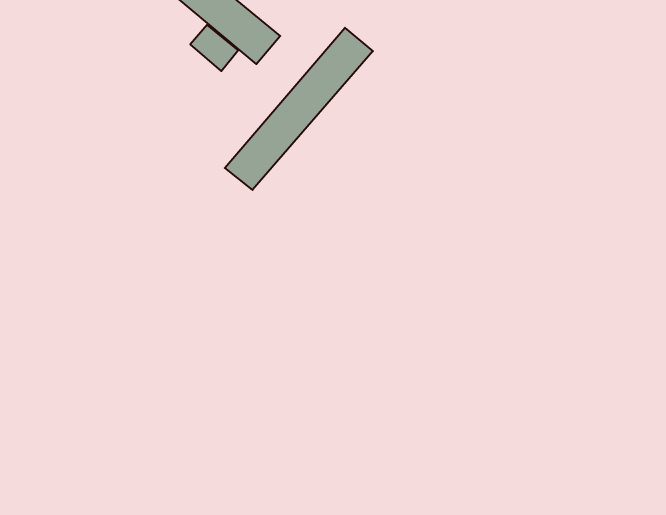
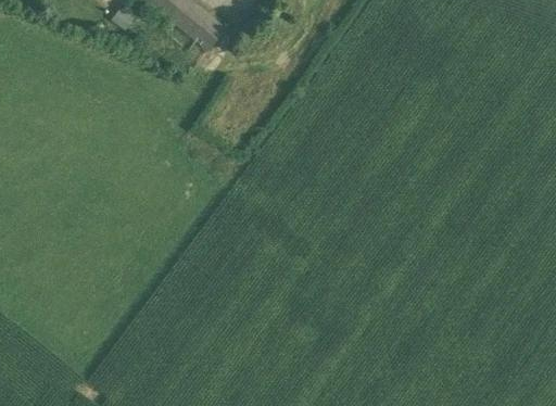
building: [225,28,373,190] -> none

